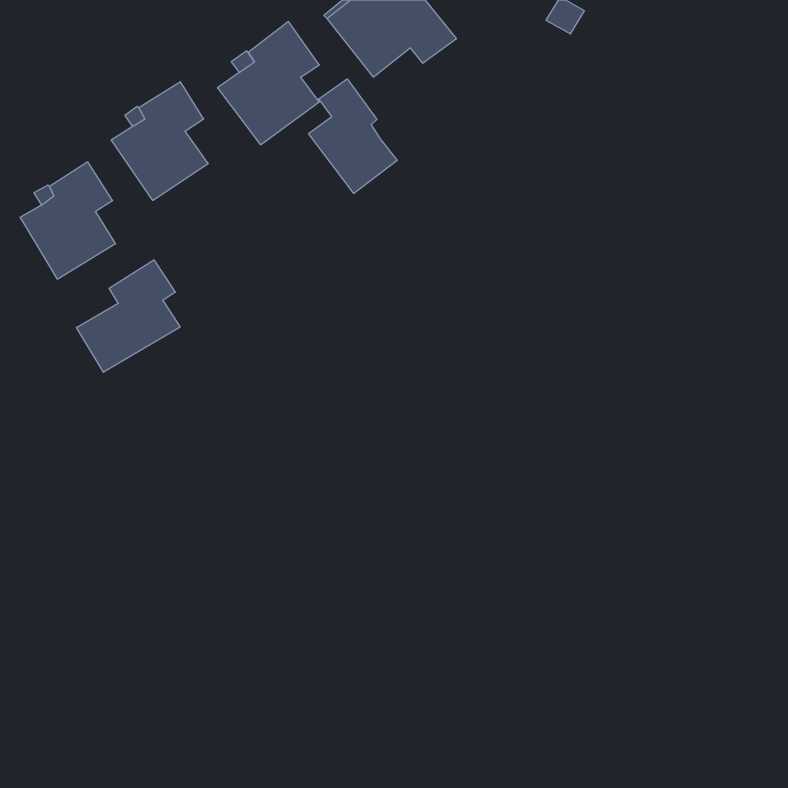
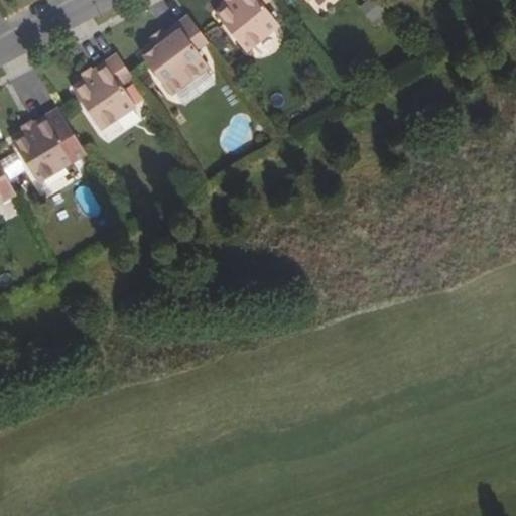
building: [309,79,397,193] -> none
building: [76,260,180,372] -> none

